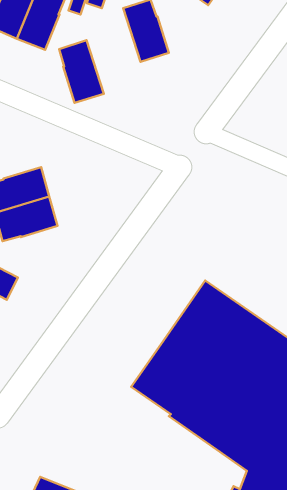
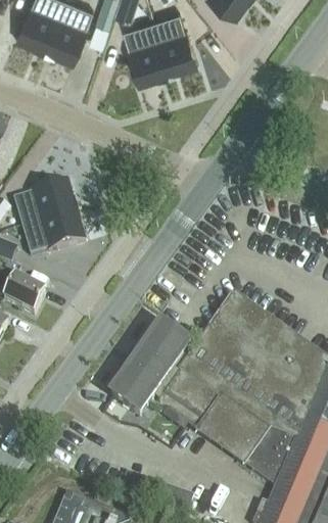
building: [59,40,104,103] -> [124,17,169,81]
building: none -> [111,322,190,413]

